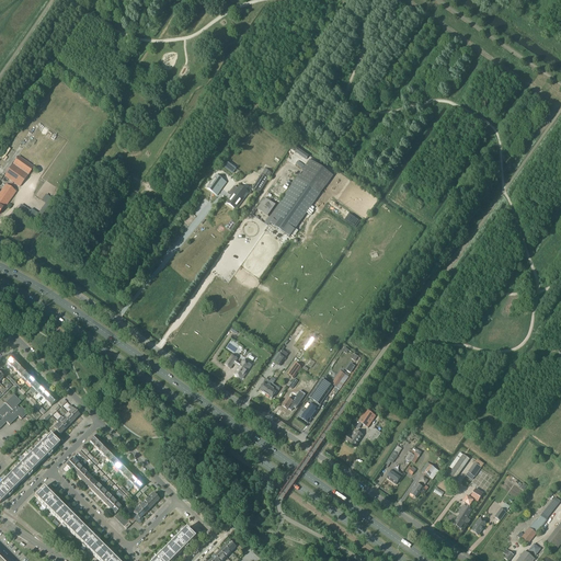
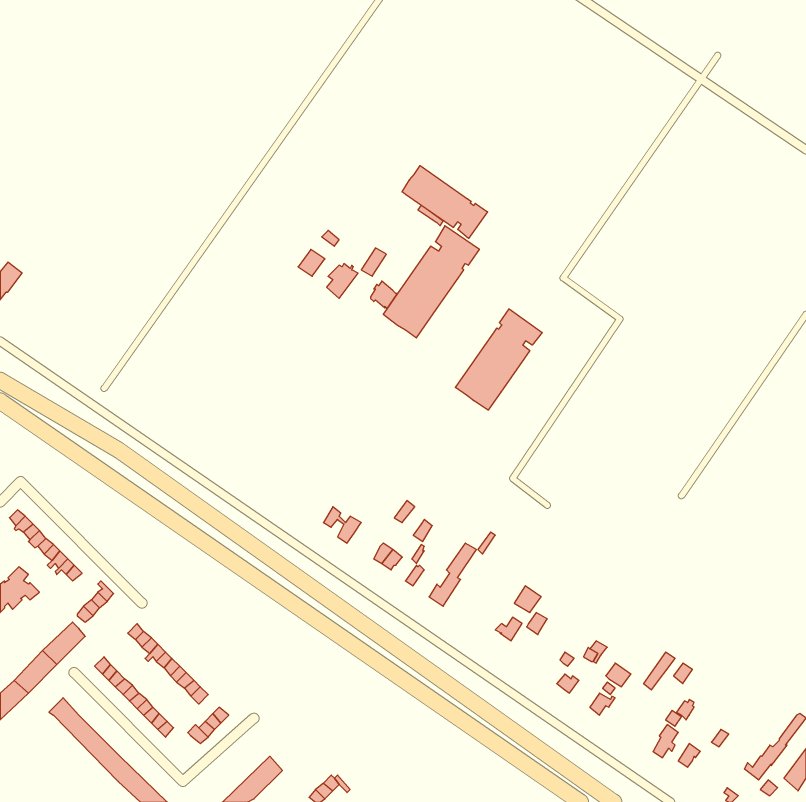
building: none -> [402,166,488,238]
building: [4,153,33,184] -> none
building: none -> [455,309,542,410]

